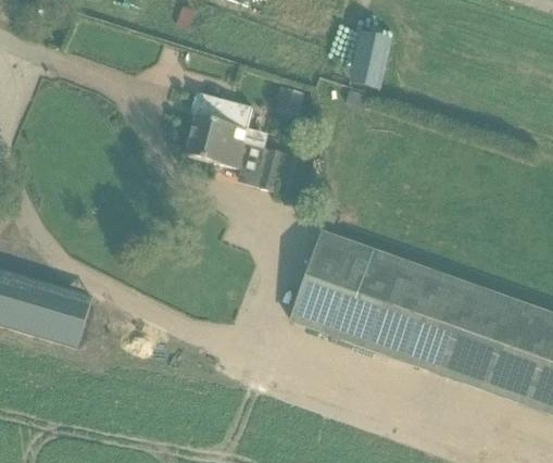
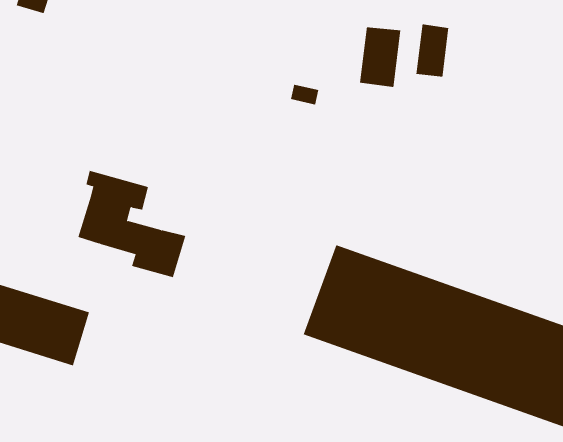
building: none -> [416,23,449,77]
building: [186,90,287,190] -> [77,170,186,278]

